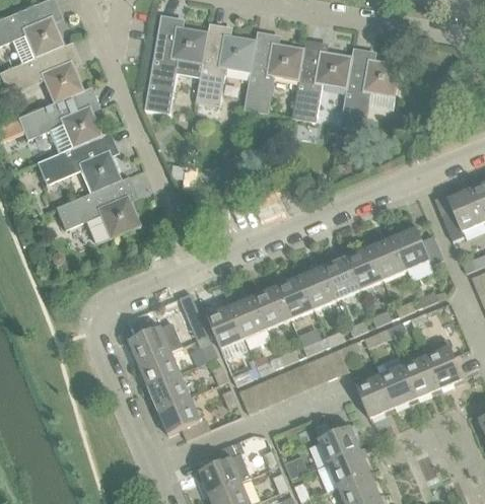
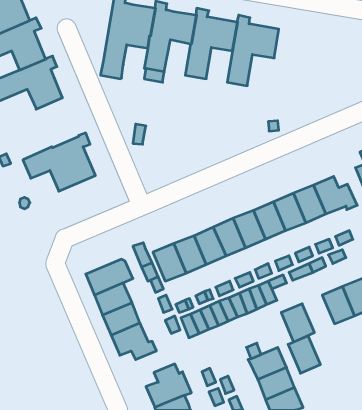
building: [340,48,402,129] -> none
building: [36,131,120,193] -> none
building: [379,364,417,408] -> [288,336,320,373]

